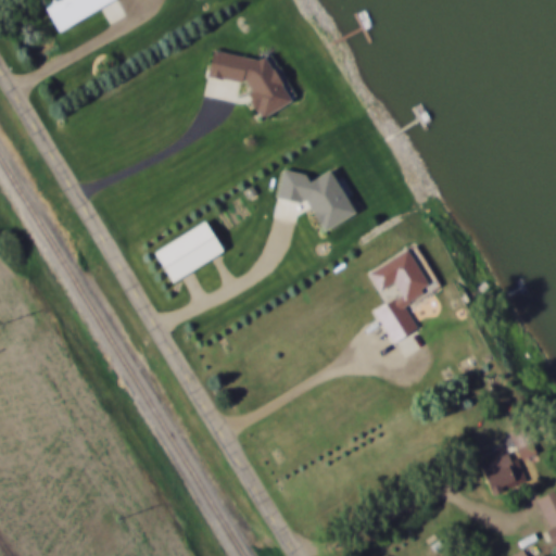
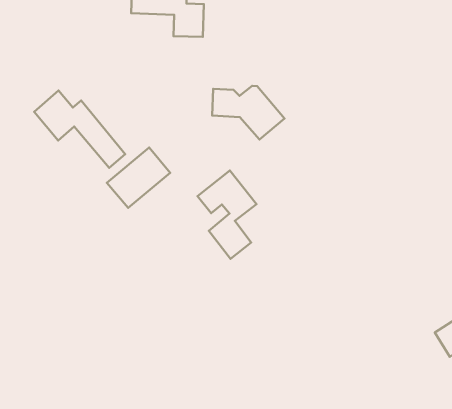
building: none -> [34,91,125,168]
building: [370,249,432,343] -> [197,171,256,259]

